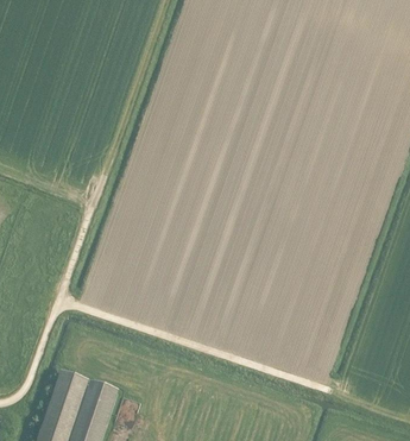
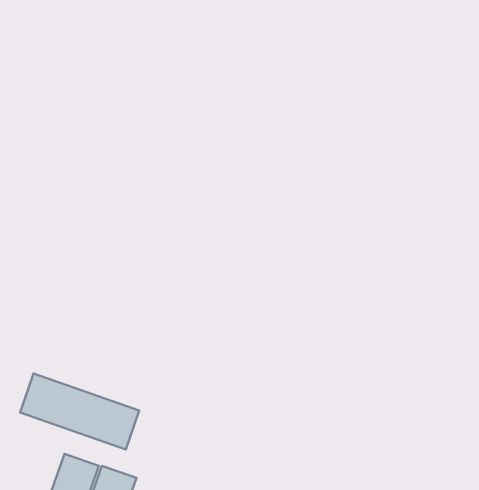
building: none -> [20,374,139,449]

